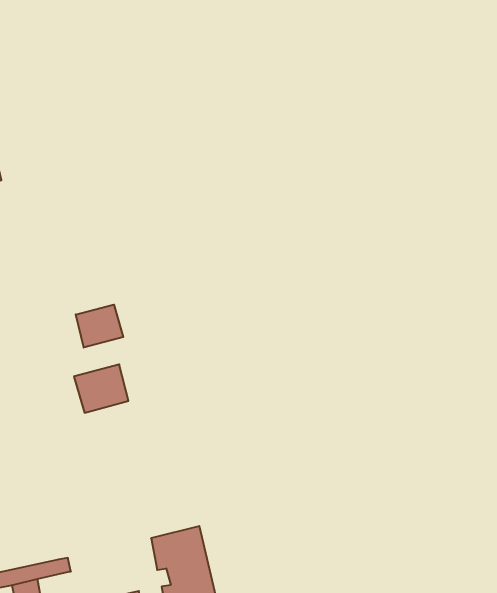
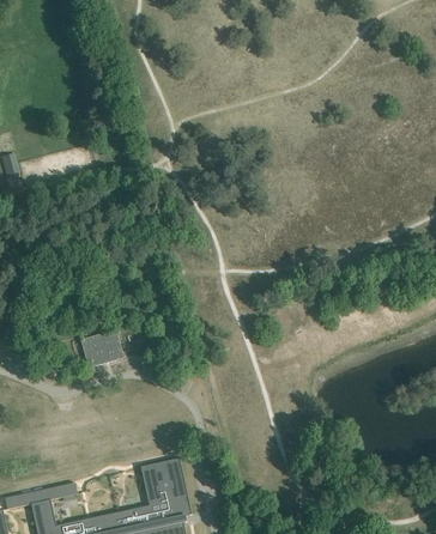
building: [76,305,123,348] -> none

